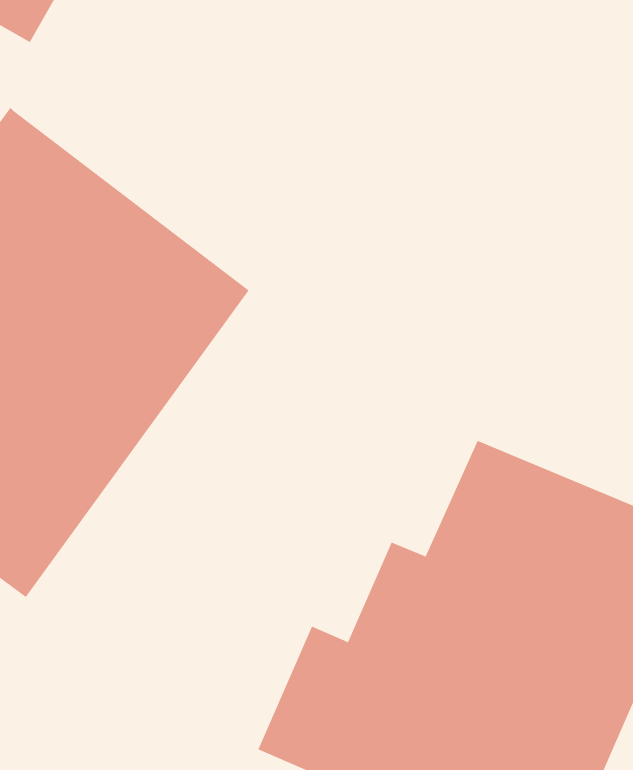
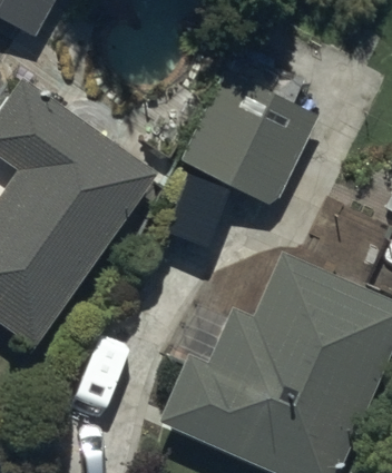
building: none -> [182,69,317,205]

